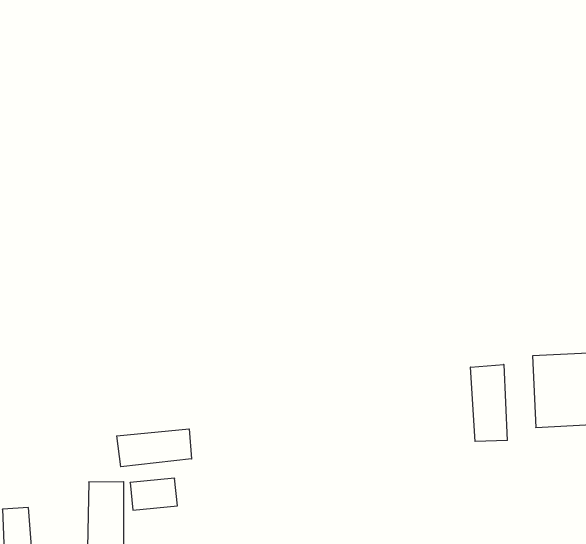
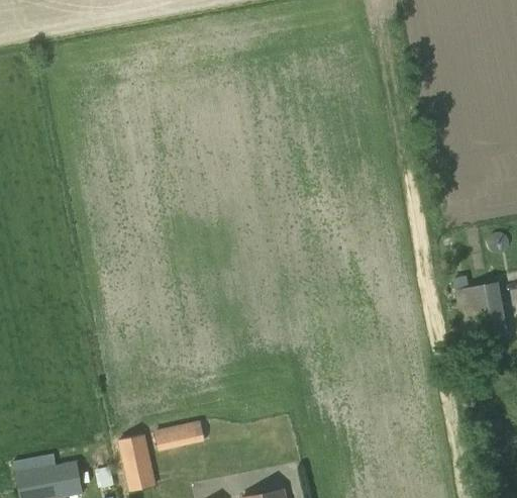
building: [471,364,507,441] -> none
building: [117,429,192,467] -> none

